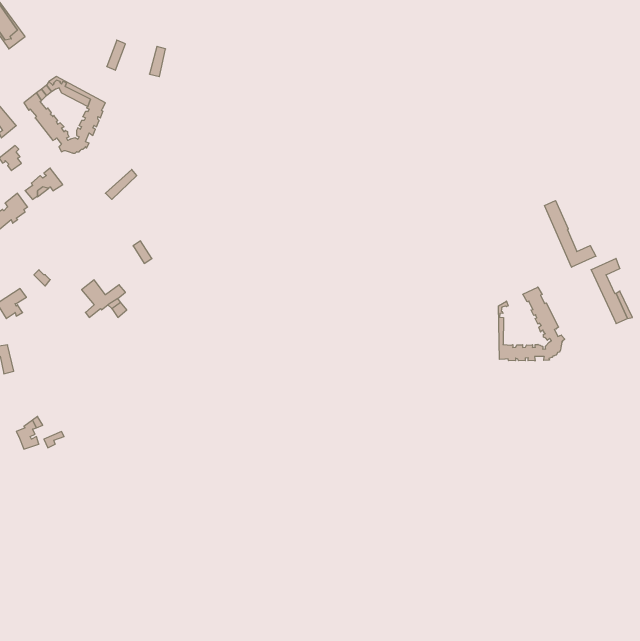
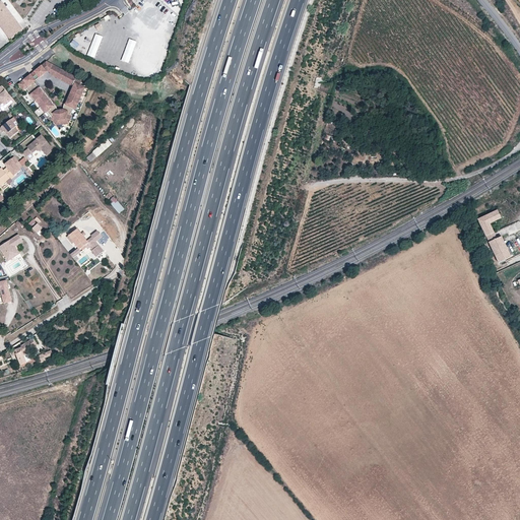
building: [545,201,596,267] -> none
building: [498,287,565,361] -> none

